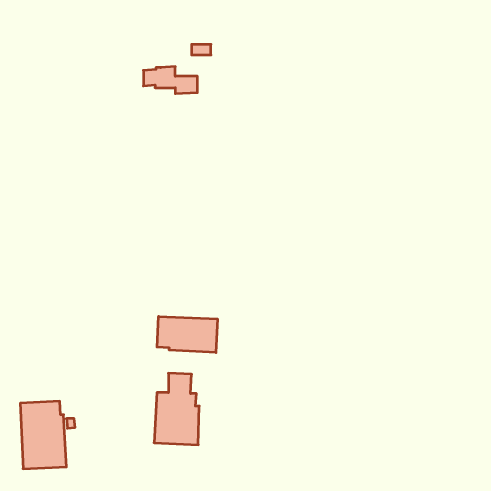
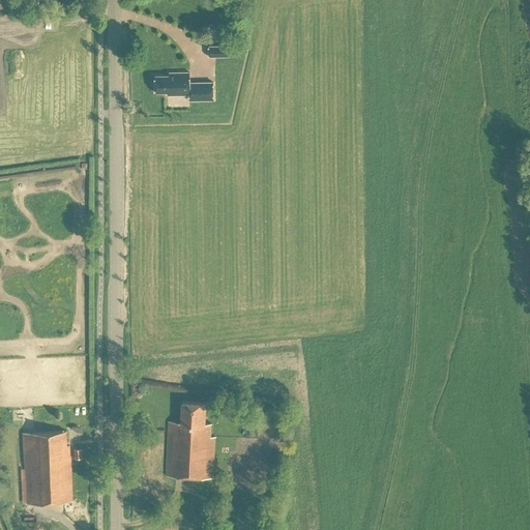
building: [157,316,217,353] -> none

